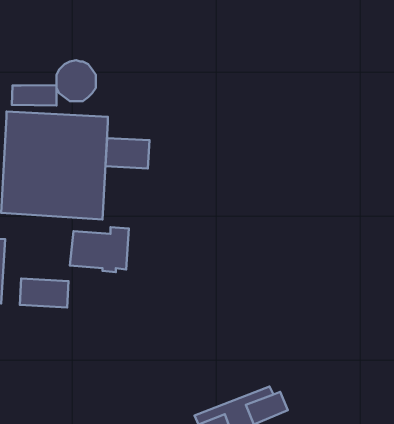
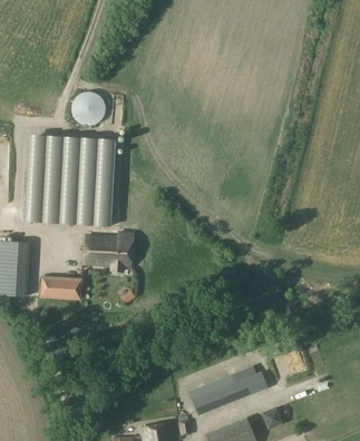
building: [12,85,57,106] -> none
building: [105,138,149,169] -> none

